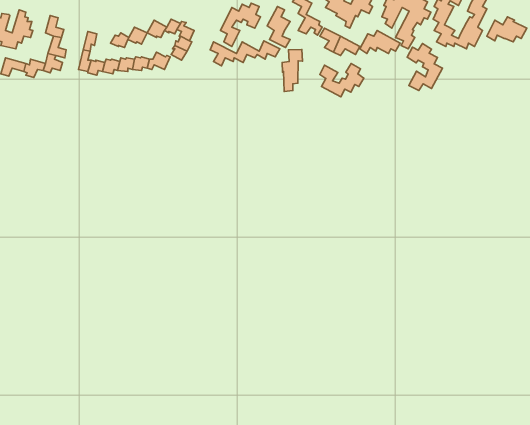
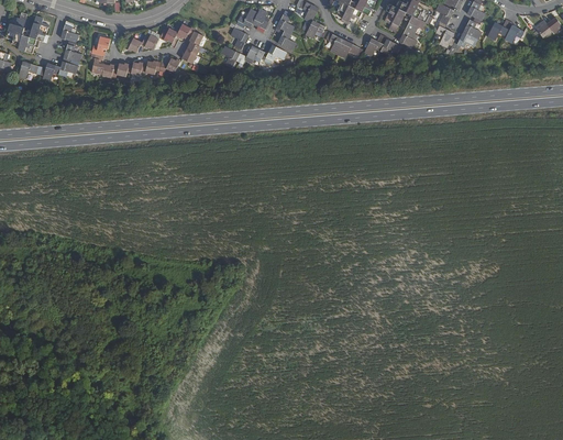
building: [407,44,442,90] -> none
building: [282,49,303,91] -> none
building: [320,64,364,97] -> none

